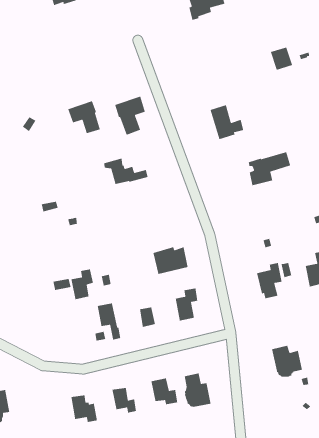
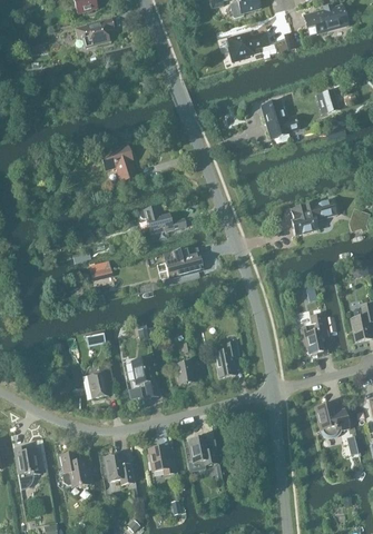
building: [114,96,146,136] -> none
building: [209,104,244,140] -> [263,100,300,138]
building: [153,246,188,275] -> [165,247,203,277]
building: [71,268,94,300] -> [89,364,114,397]
building: [184,372,211,408] -> none
building: none -> [61,452,89,485]

